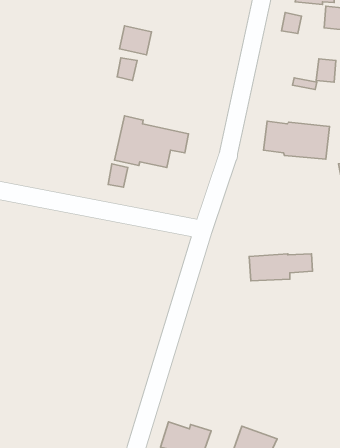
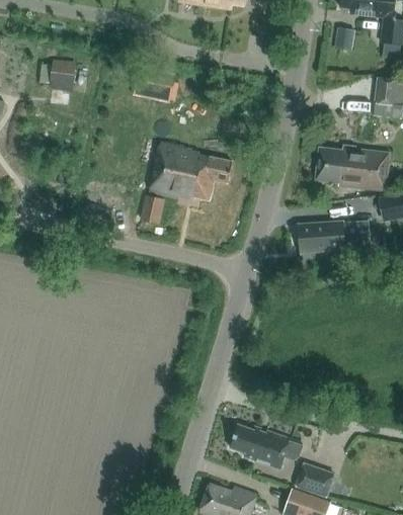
building: [120,26,151,55] -> none
building: none -> [48,61,75,93]
building: [249,254,312,281] -> [298,223,369,253]
building: none -> [230,426,304,470]
building: none -> [297,463,335,497]

